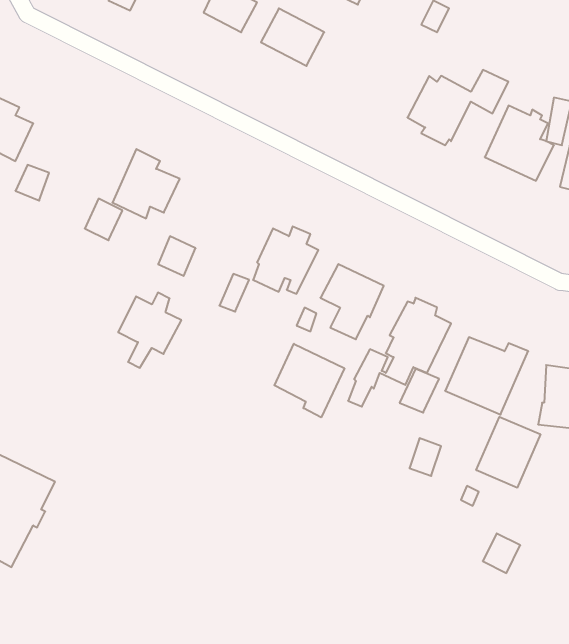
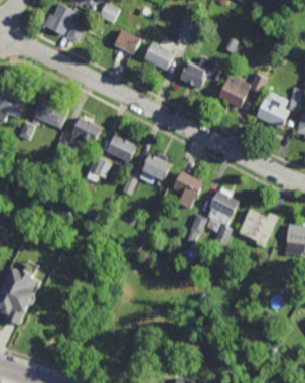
building: none -> [178,55,217,92]
building: none -> [32,98,68,128]
building: [118,293,181,368] -> [105,132,137,170]
building: [274,344,344,417] -> none
building: [476,417,540,488] -> none

